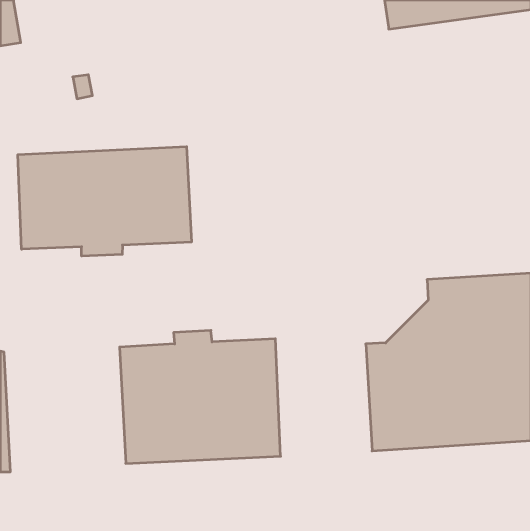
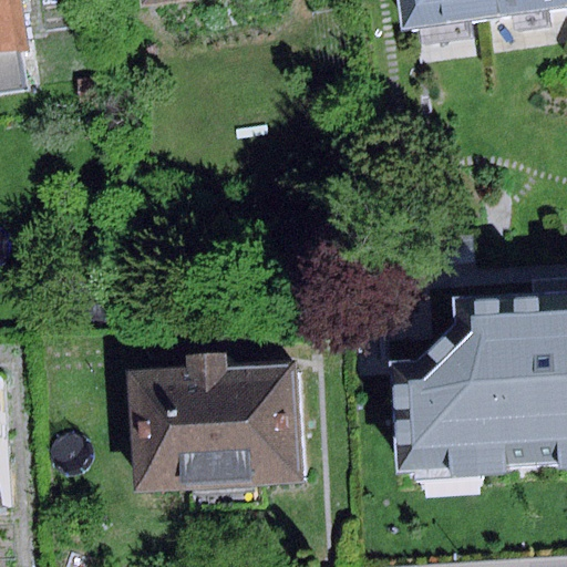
building: [18,147,191,256] -> none

